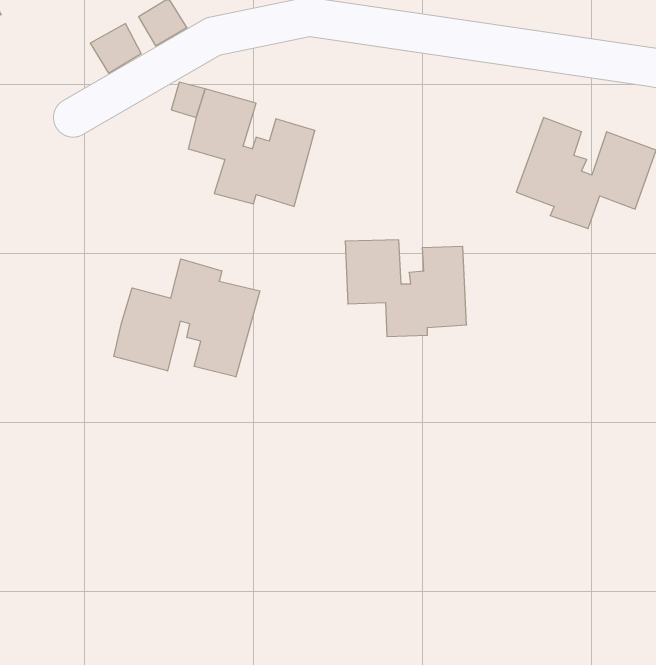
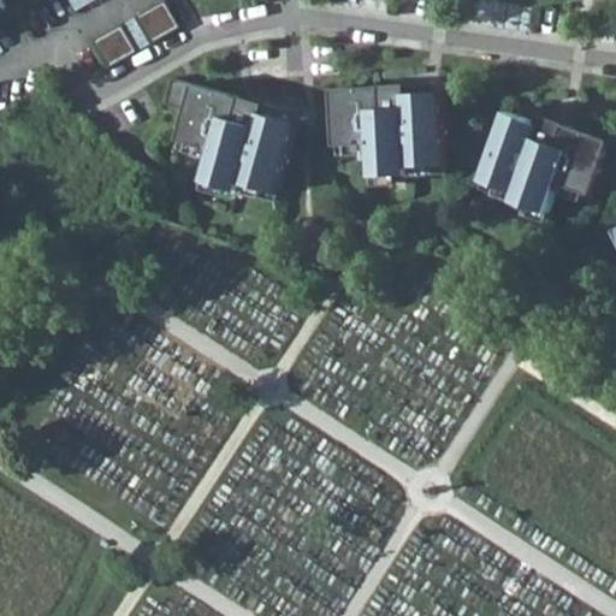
building: [345,240,467,337] -> [327,87,439,176]
building: [114,259,260,377] -> none

